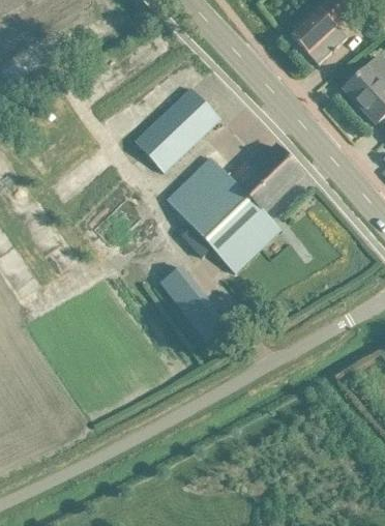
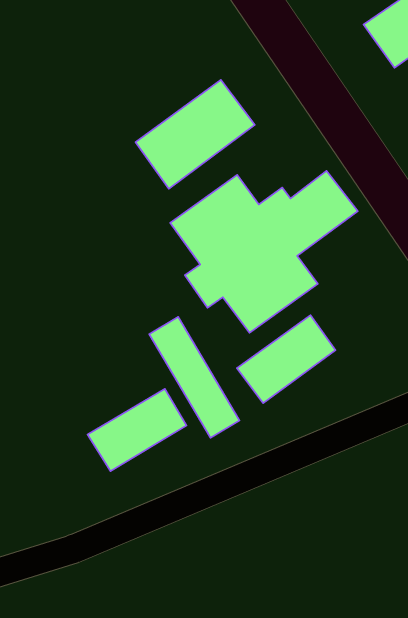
building: none -> [237,315,336,403]
building: none -> [88,389,186,471]

